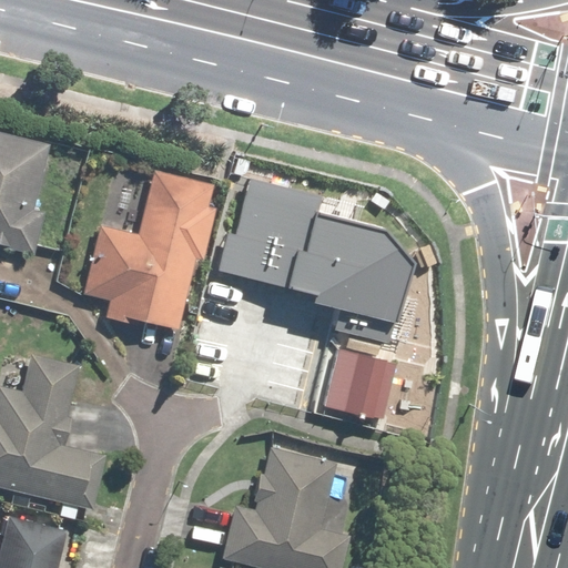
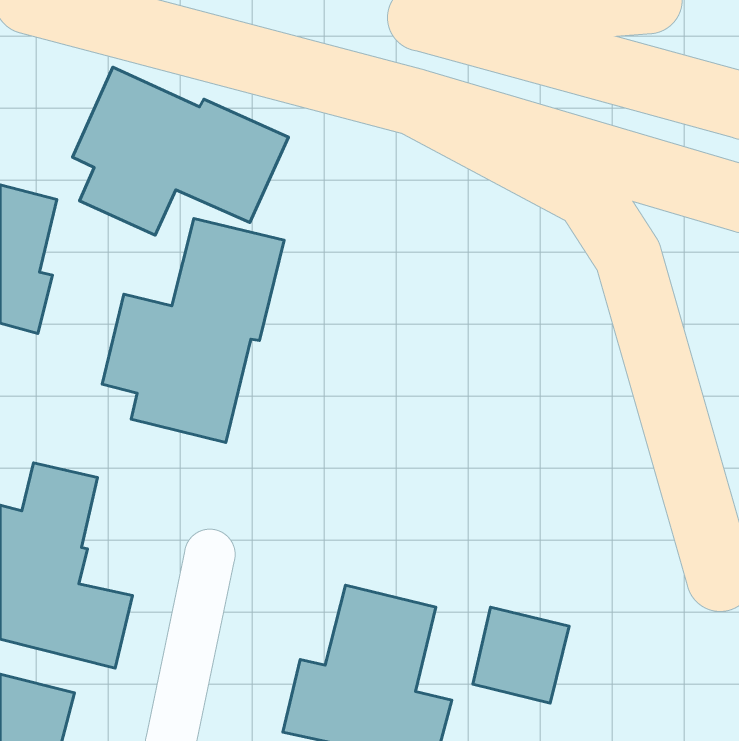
building: none -> [73,67,289,235]
building: [216,175,412,334] -> none
building: [322,349,395,423] -> [473,607,569,703]

